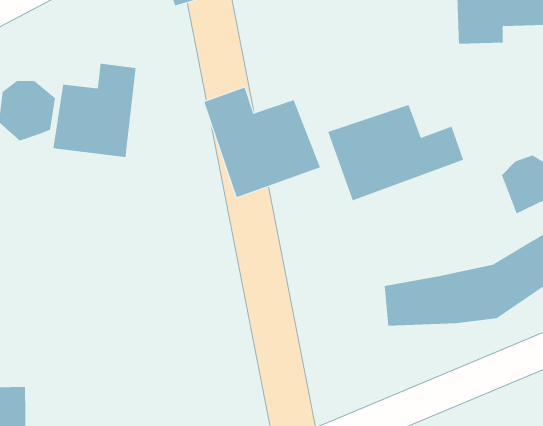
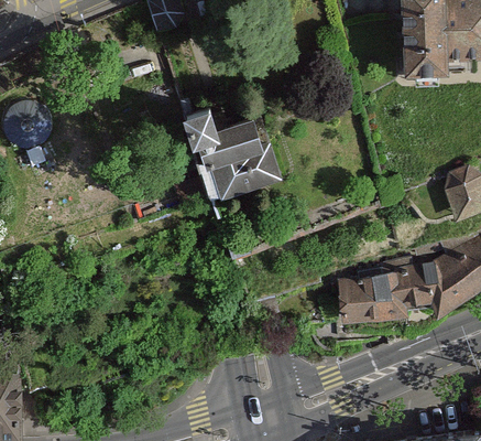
building: [53,63,136,158] -> none
building: [328,104,464,201] -> none

